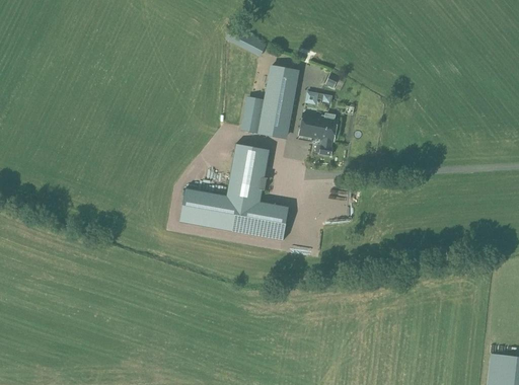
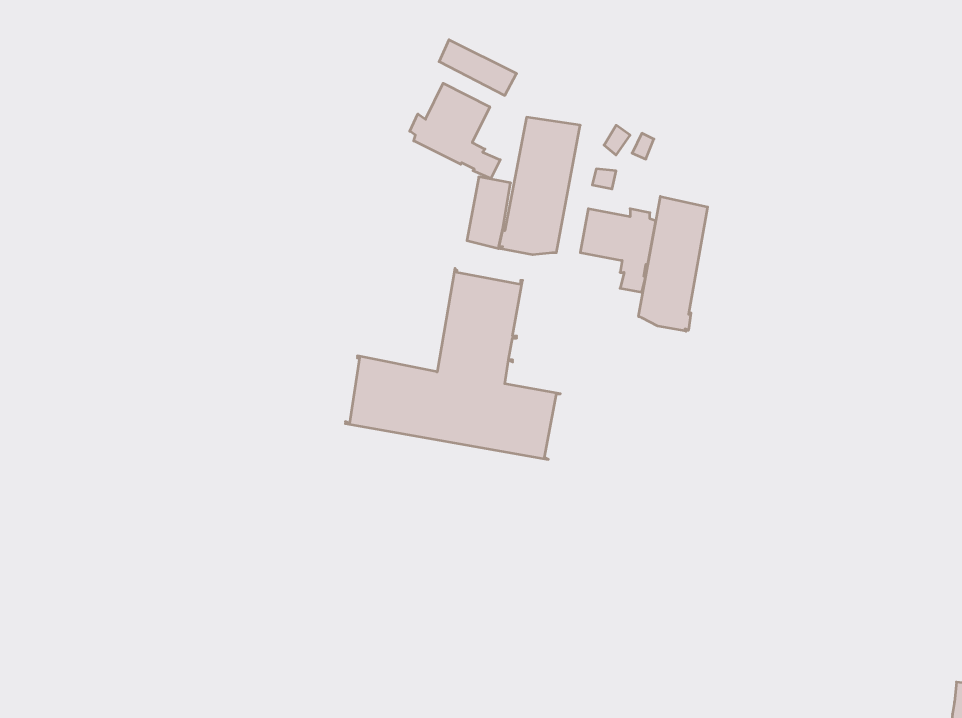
building: none -> [410,83,500,178]
building: none -> [639,196,708,331]

